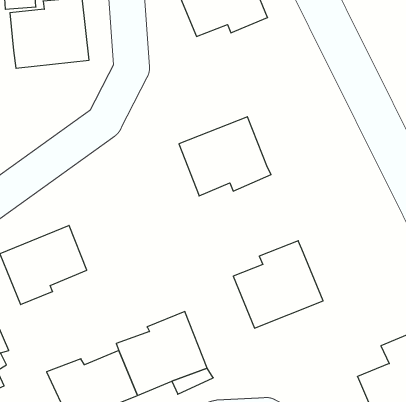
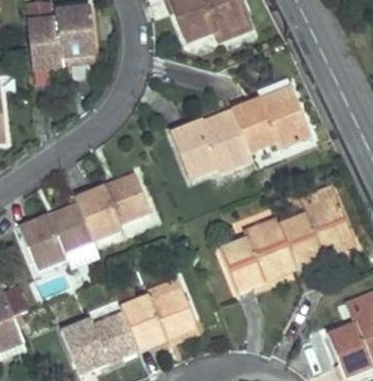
building: none -> [232,79,310,153]
building: none -> [76,174,149,242]
building: none -> [278,185,355,268]

